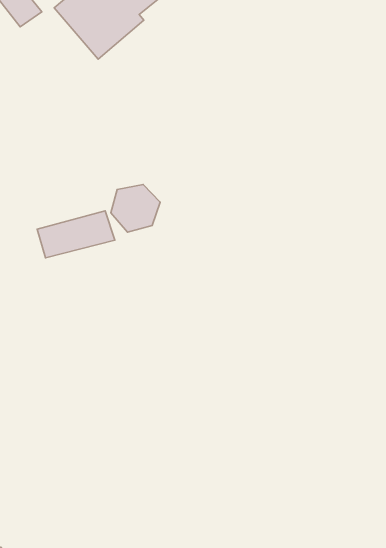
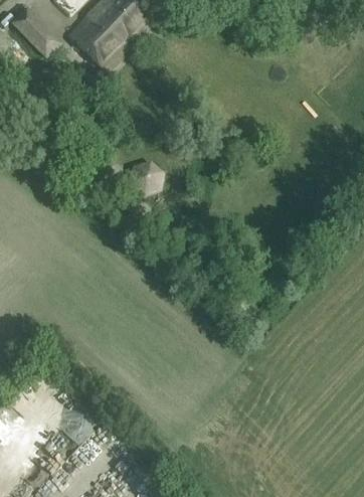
building: [37,211,115,258] -> none

